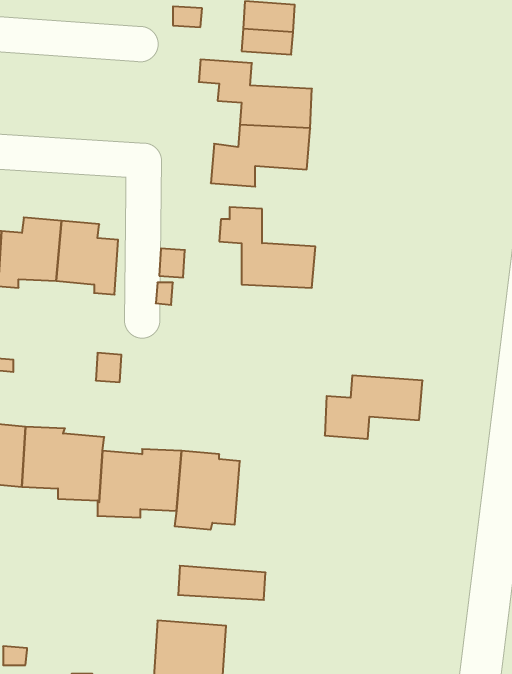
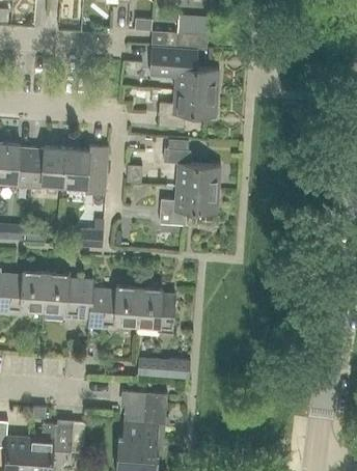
building: [325,375,423,439] -> [159,187,218,225]

